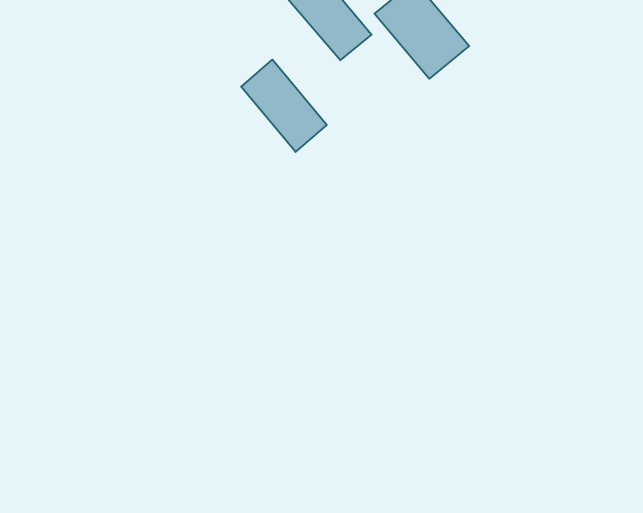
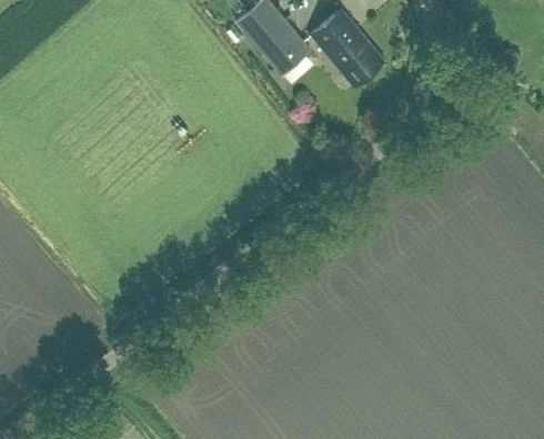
building: [241,60,327,152] -> none

